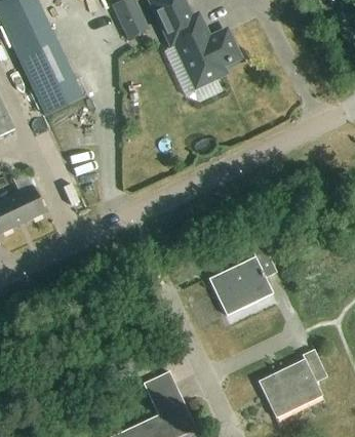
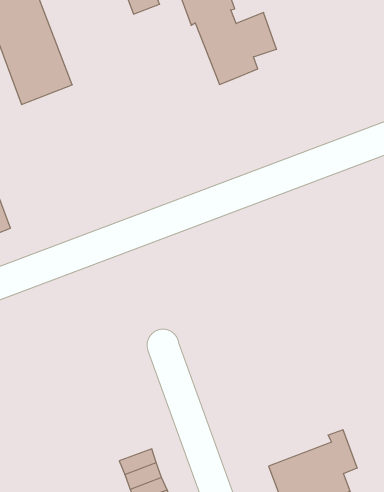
building: [210,238,278,315] -> none

